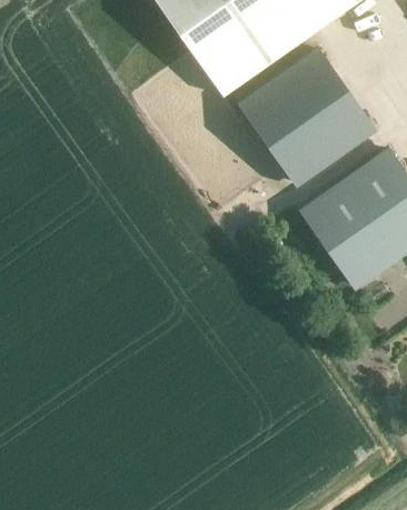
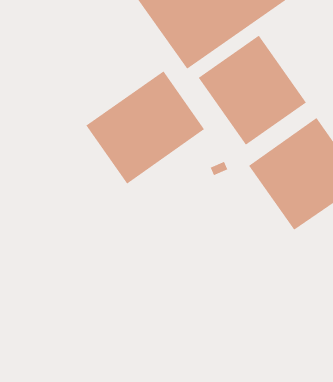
building: none -> [86,71,205,184]

